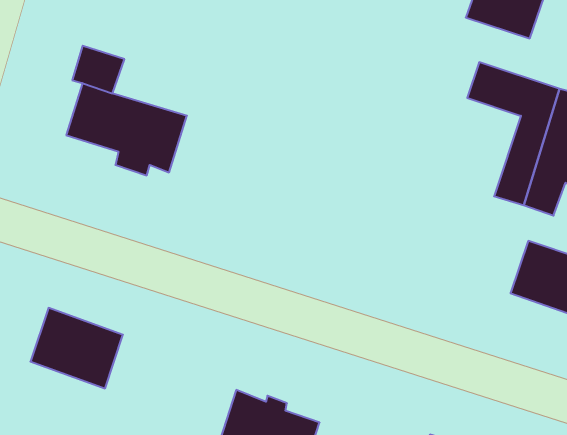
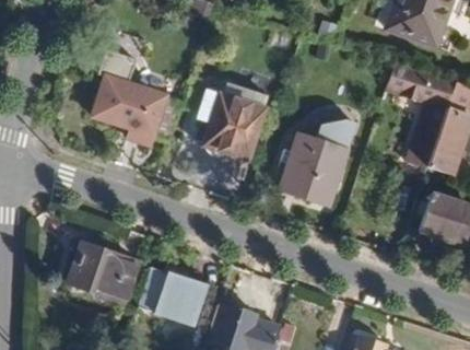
building: none -> [200,91,265,158]
building: none -> [279,119,357,205]
building: none -> [138,266,208,325]

